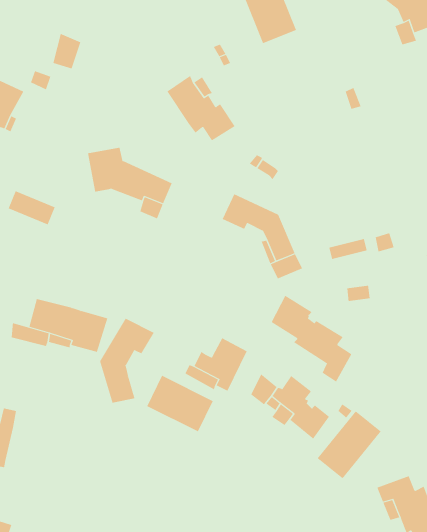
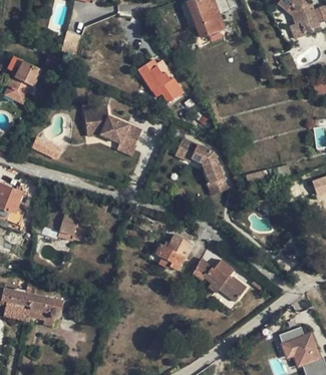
building: [271,295,352,382] -> none
building: [99,318,154,404] -> none
building: [146,375,214,432] -> none
building: [317,410,382,479] -> none
building: none -> [30,294,64,326]

